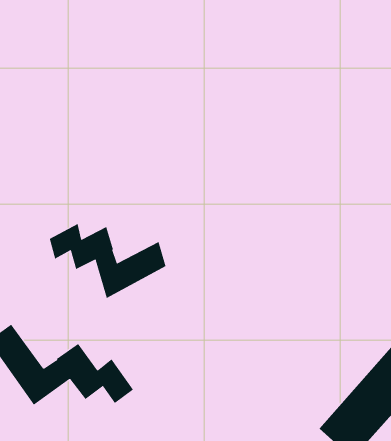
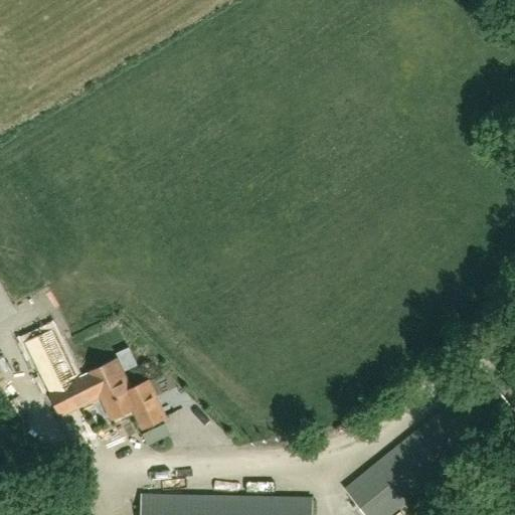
building: [49,223,166,299] -> none

